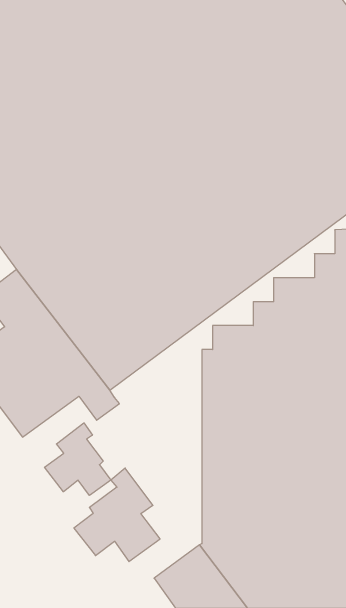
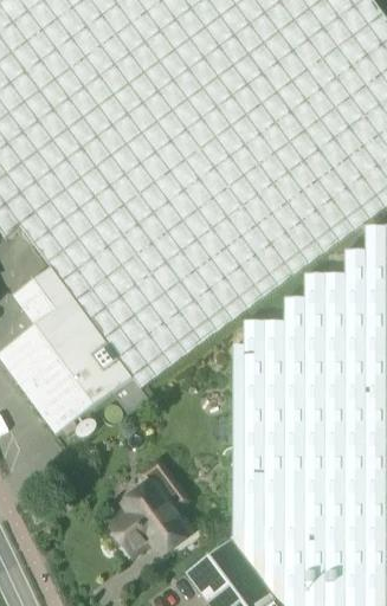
building: [45,423,111,495] -> none

